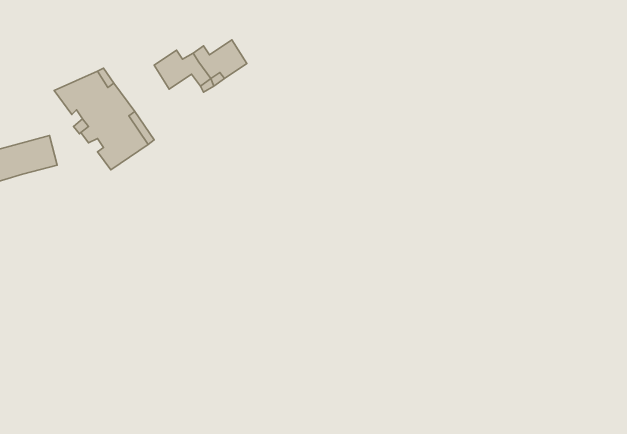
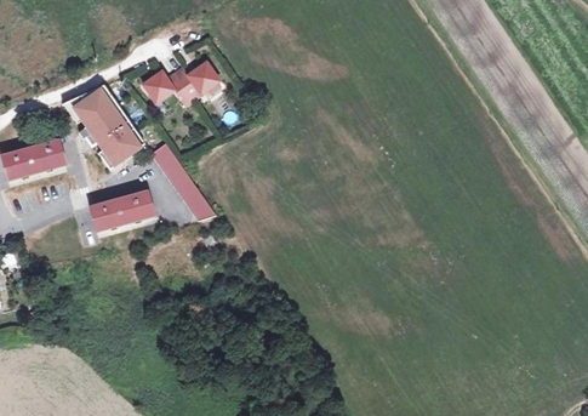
building: none -> [150,142,212,220]
building: none -> [90,192,154,232]

